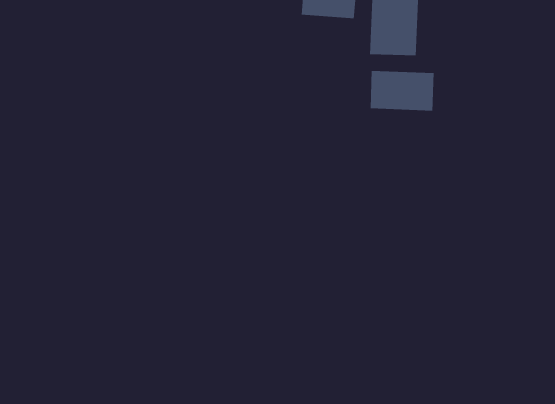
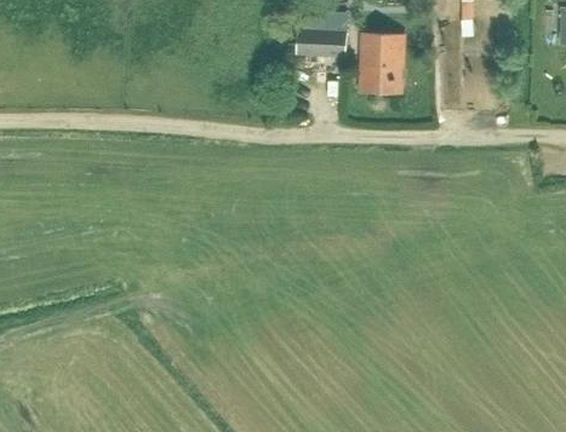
building: [370,70,434,111] -> none

